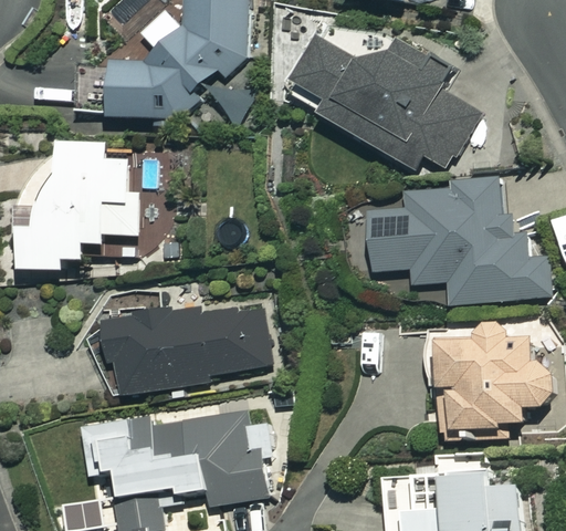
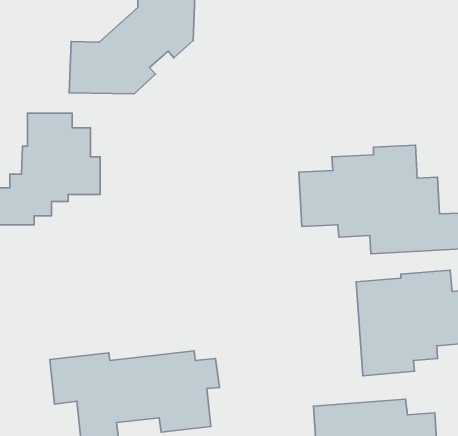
building: [287,35,480,170] -> none
building: [103,296,272,393] -> none

